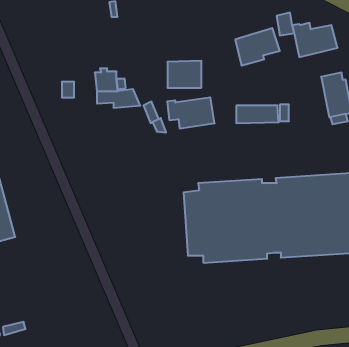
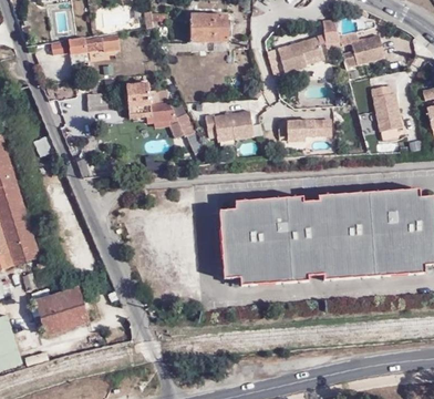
building: none -> [53,35,112,61]
building: [167,61,201,88] -> [187,10,224,39]
building: none -> [37,284,91,332]

